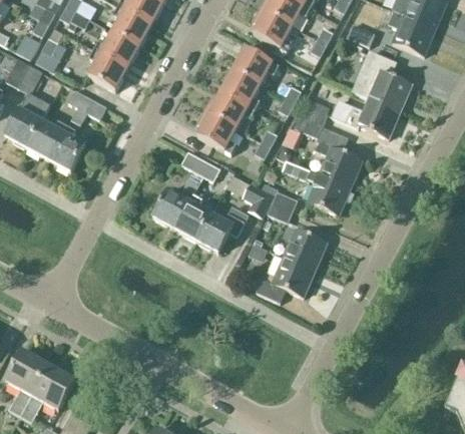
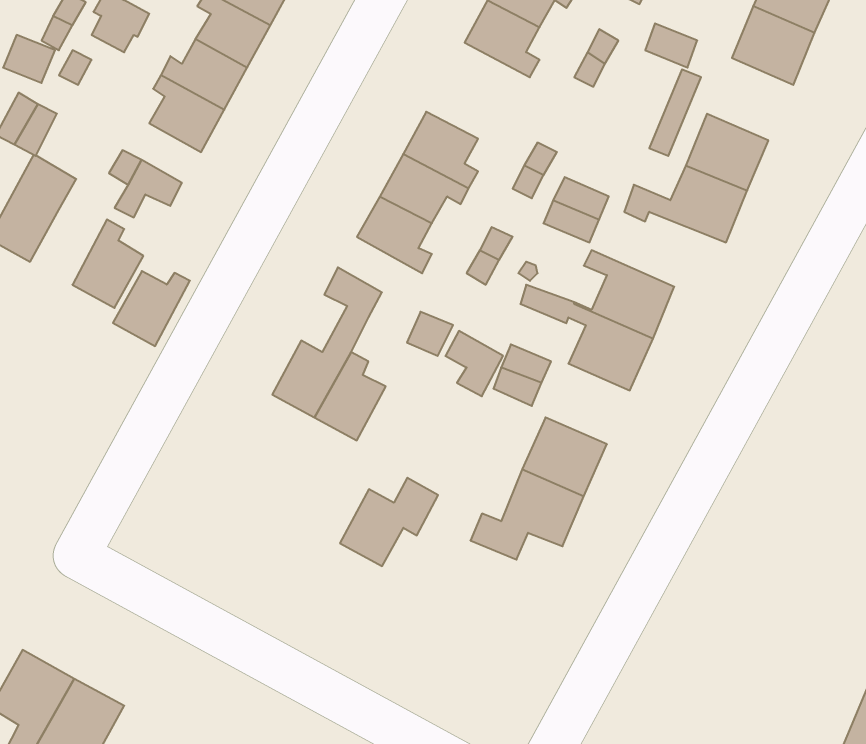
building: [232,46,279,82] -> none
building: [26,119,66,158] -> [113,271,190,346]
building: [196,205,248,252] -> [340,478,438,566]

